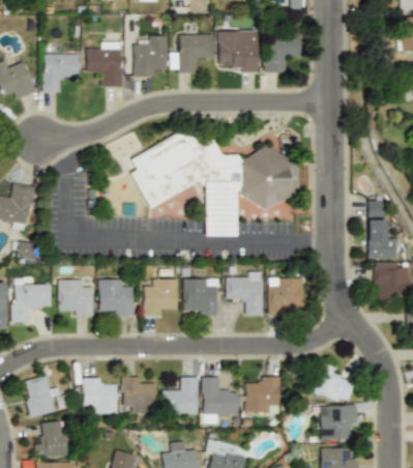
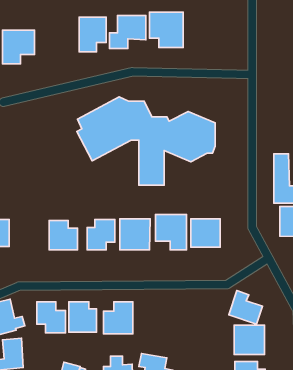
building: [264,35,300,72] -> none
building: [87,42,123,87] -> none
building: [58,277,93,316] -> none
building: [245,376,281,413] -> none
building: [203,377,241,414] -> none

